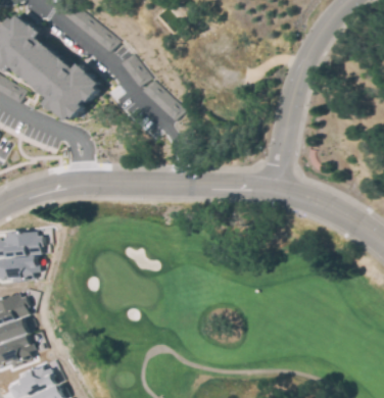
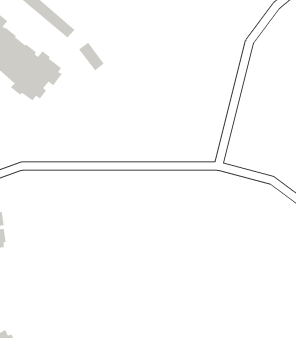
building: [140,79,182,120] -> none

